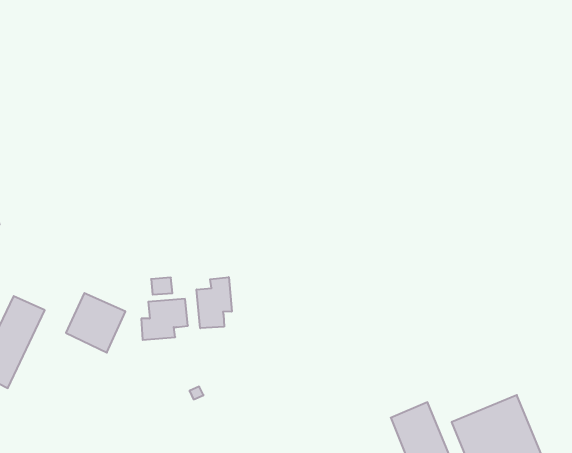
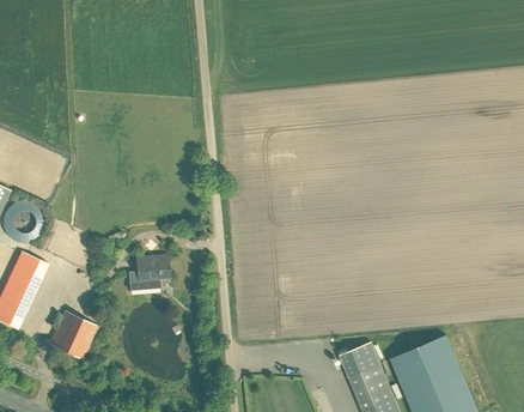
building: [197,277,232,328] -> none
building: [66,293,125,353] -> [47,309,97,359]

